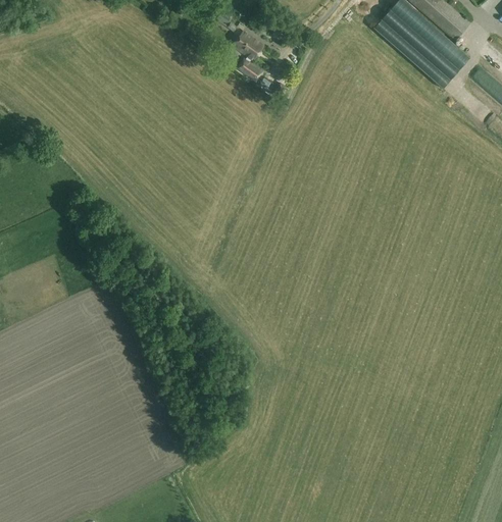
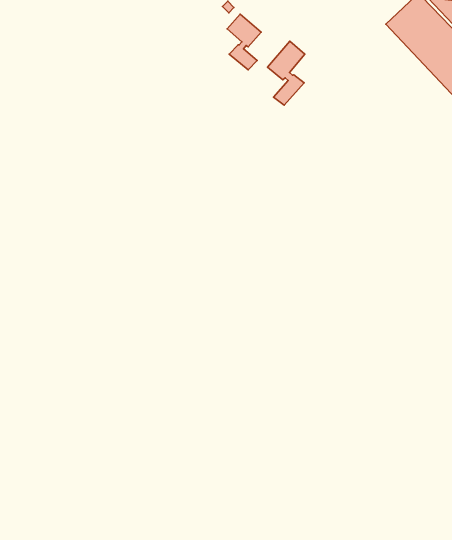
building: none -> [268,41,305,105]

